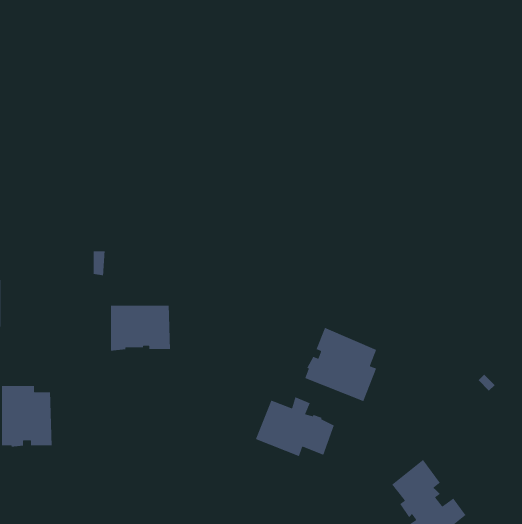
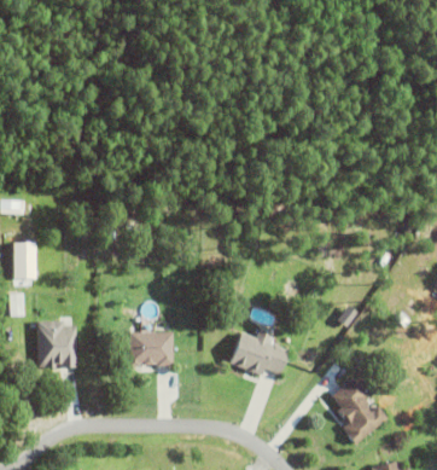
building: [110,305,171,351] -> [127,332,173,367]
building: [304,327,377,402] -> none

